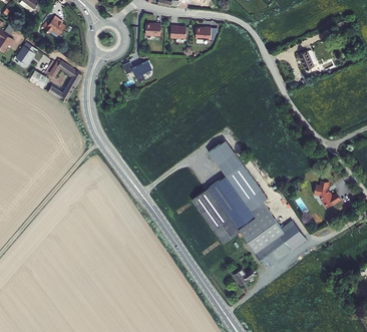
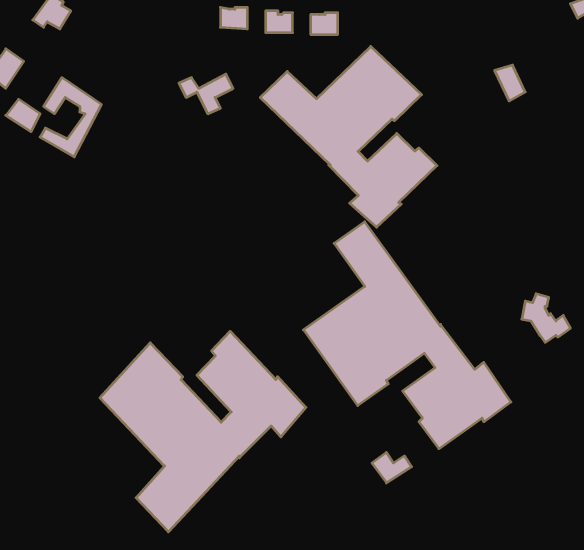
building: none -> [260,46,437,227]
building: none -> [100,331,306,532]

